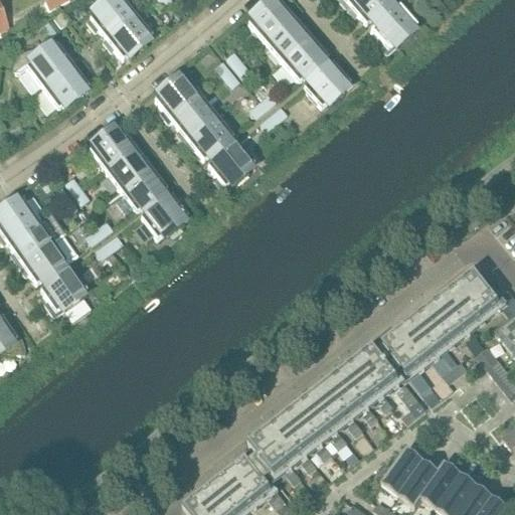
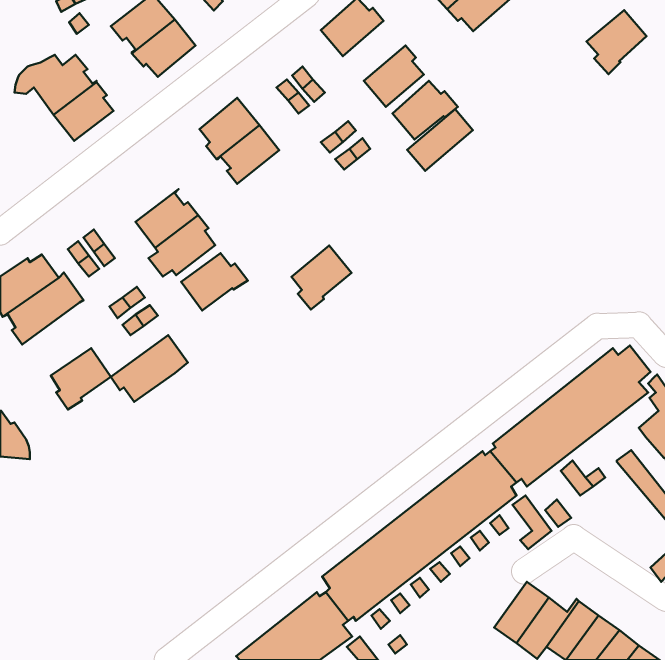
building: [370,5,416,54] -> [586,10,646,74]
building: [266,16,314,62] -> none
building: none -> [407,109,473,171]
building: [184,116,233,160] -> none
building: [90,127,139,171] -> none
building: [208,142,254,191] -> [291,246,351,309]
building: [18,233,77,285] -> [111,335,188,402]

